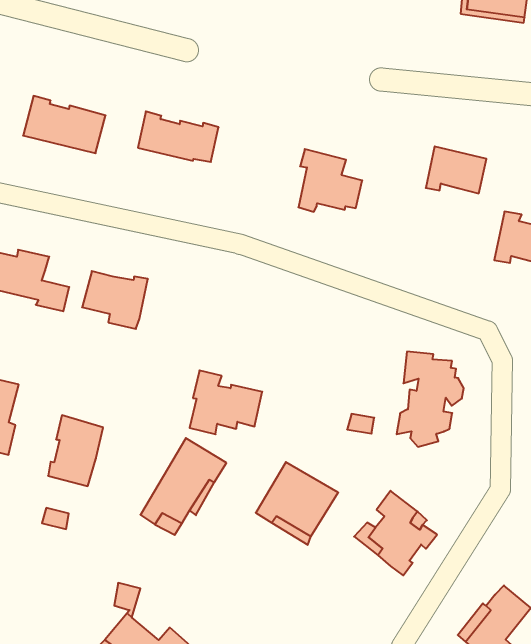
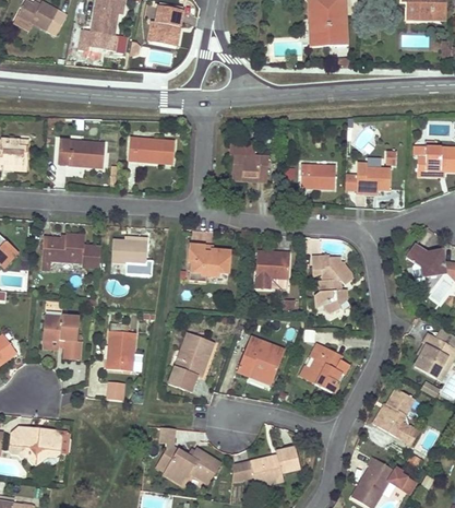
building: [426,146,486,193] -> [300,164,334,190]
building: none -> [261,252,295,291]
building: [190,370,262,434] -> [190,244,231,281]

